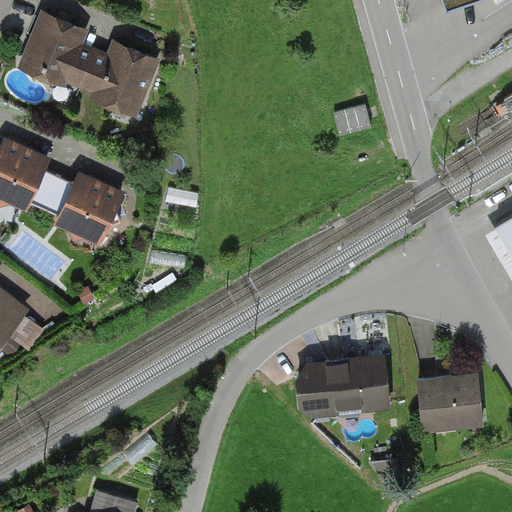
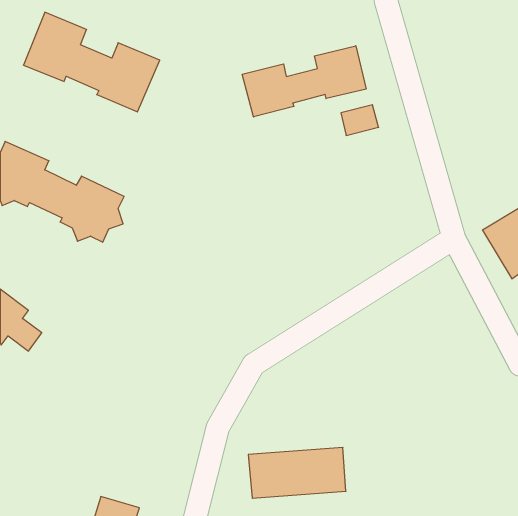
building: none -> [242,46,366,117]
building: [286,358,382,408] -> [248,447,346,498]
building: [409,374,480,426] -> none

